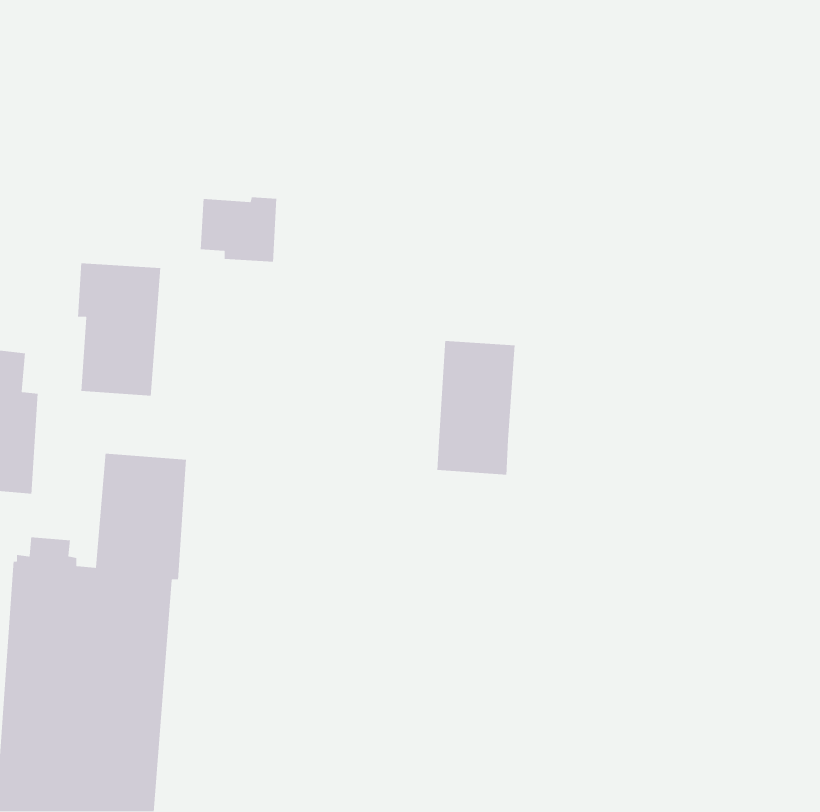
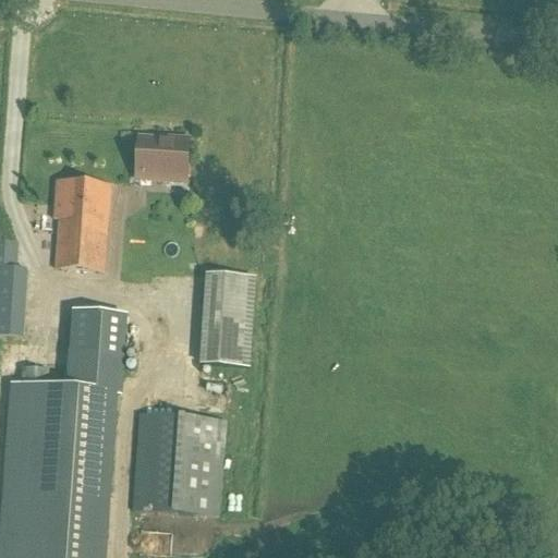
building: [436,340,515,475] -> [201,271,254,363]
building: none -> [132,411,223,513]

